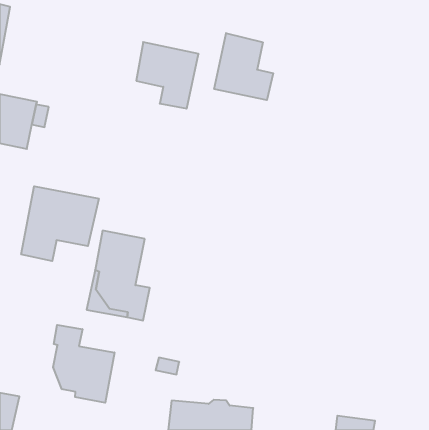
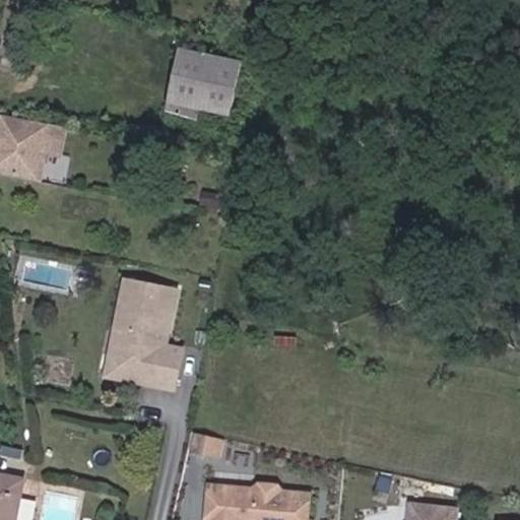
building: [214,33,273,100] -> none
building: [21,186,99,261] -> none
building: [53,325,114,403] -> none

